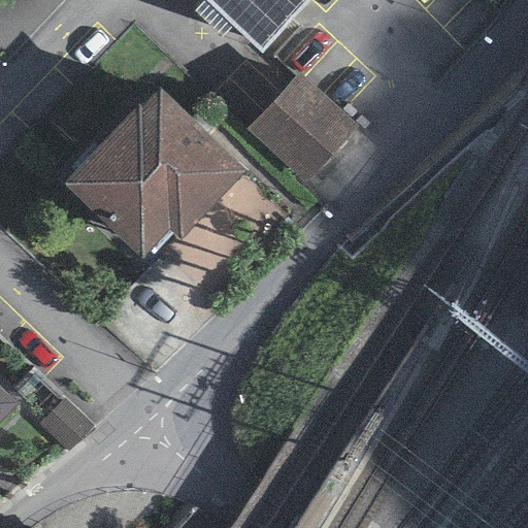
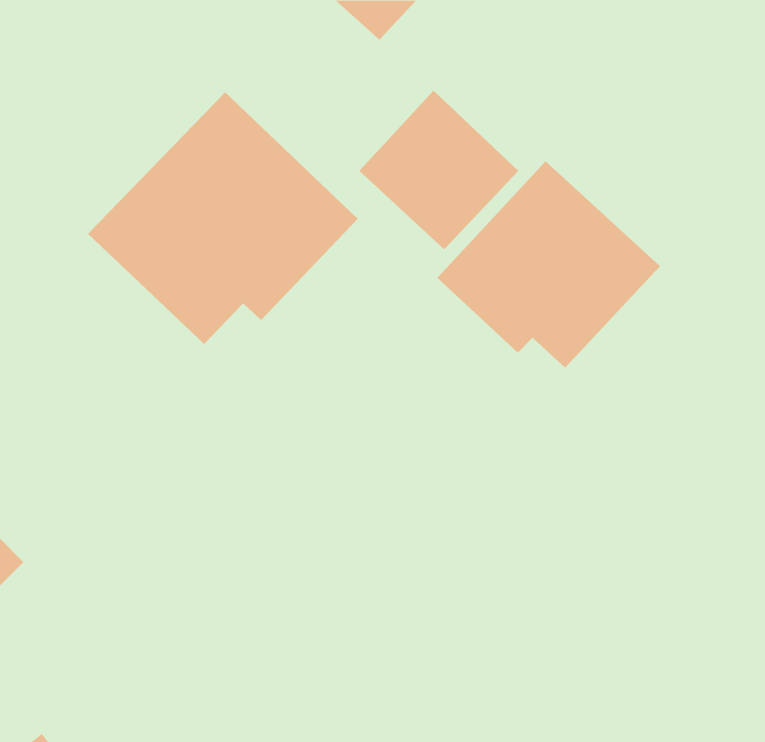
building: none -> [436,161,661,368]

